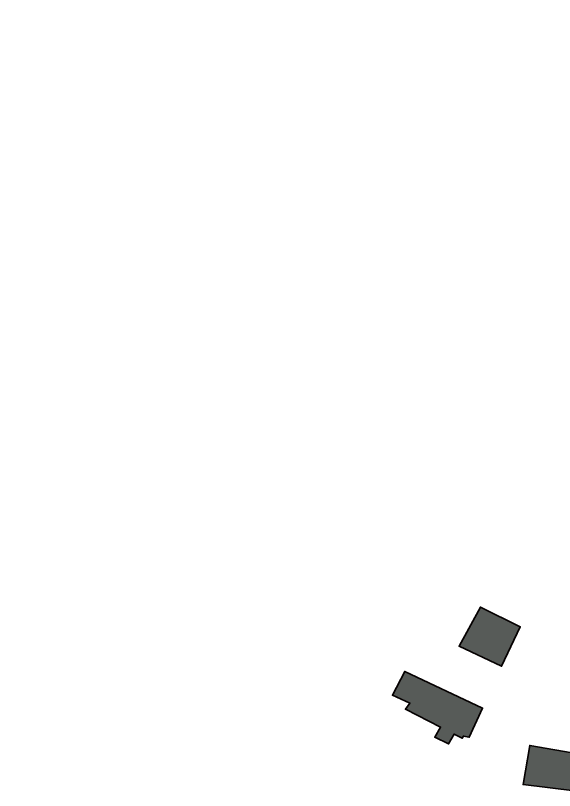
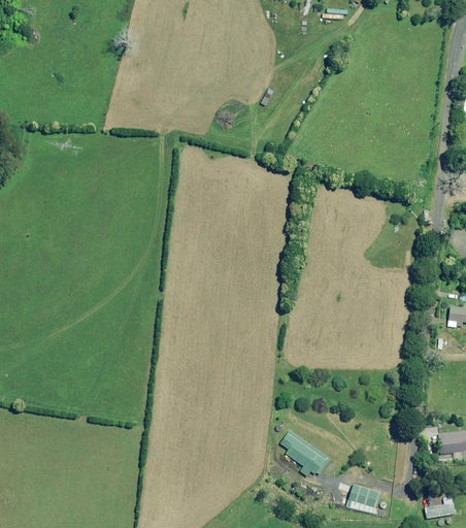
building: [459,607,520,666] -> none

